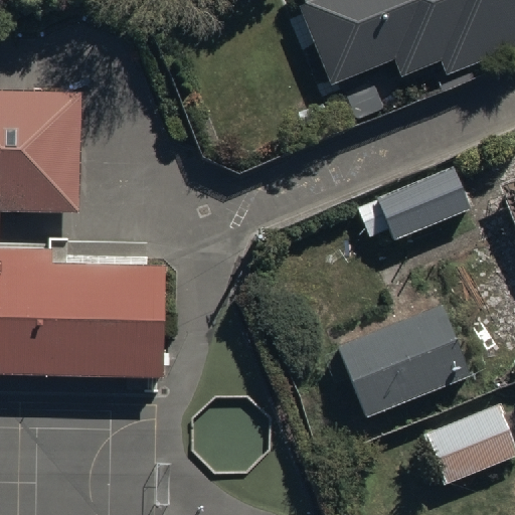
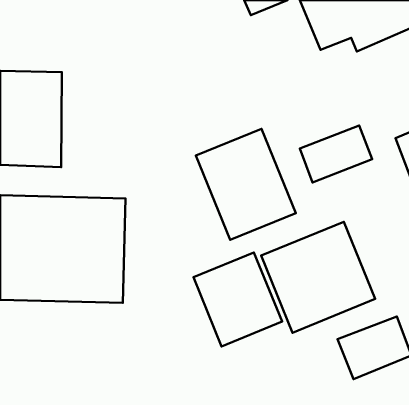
building: none -> [196,129,296,240]
building: none -> [193,252,282,346]

